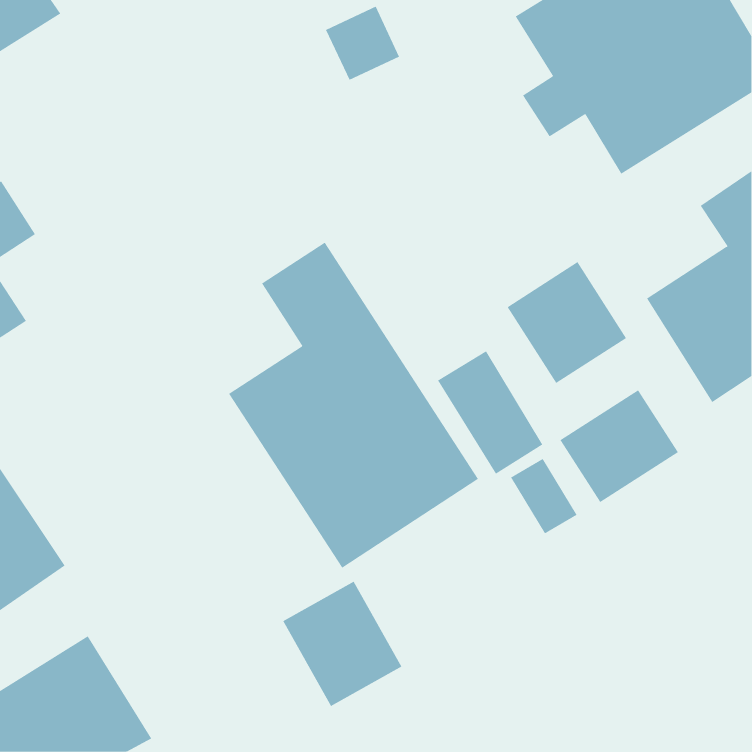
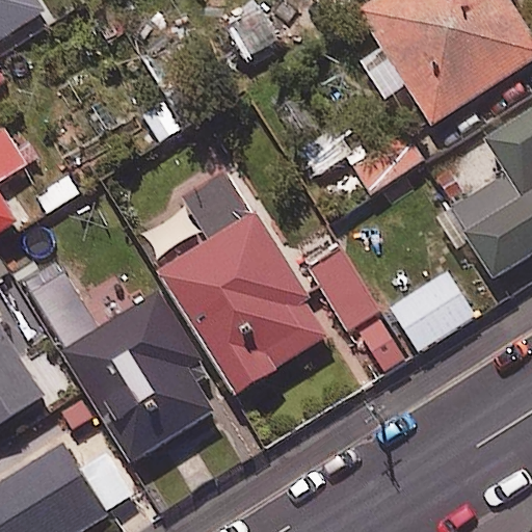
building: [507,261,627,384] -> none
building: none -> [22,259,217,464]
building: [282,581,402,707] -> none

